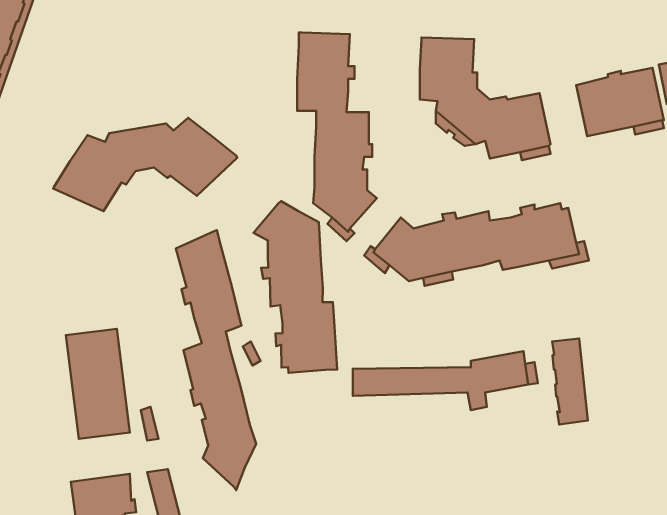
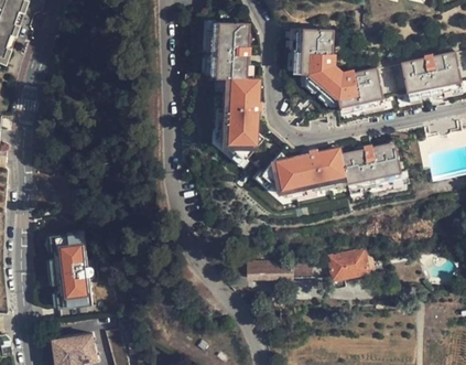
building: [53,118,237,211] -> none
building: [253,201,337,373] -> none
building: [176,230,256,490] -> none
building: [552,339,588,425] -> none

